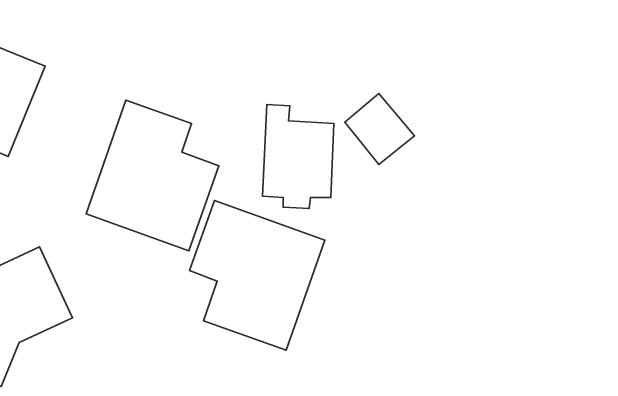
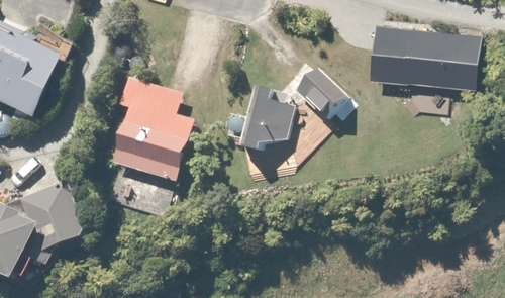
building: none -> [367,23,477,89]
building: [190,200,325,350] -> none

